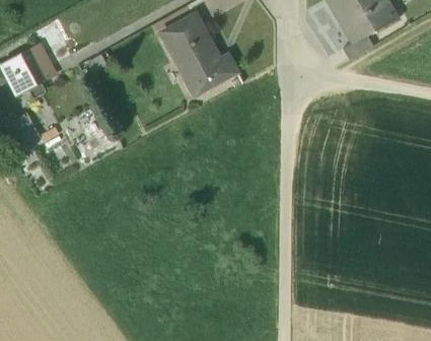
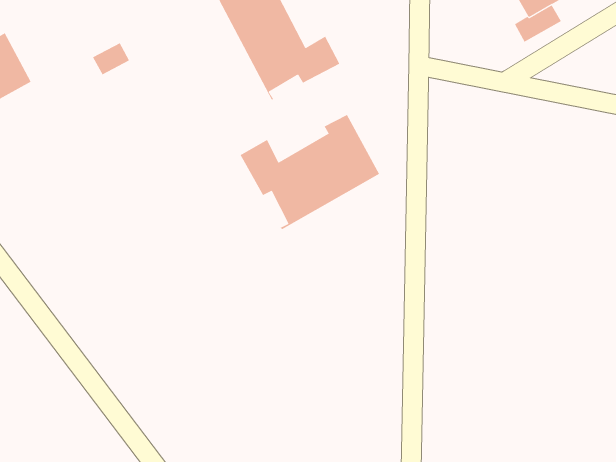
building: none -> [240,114,380,230]

